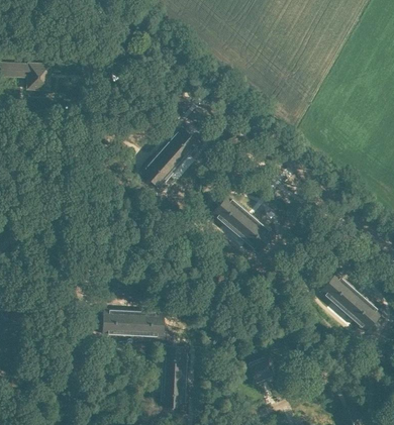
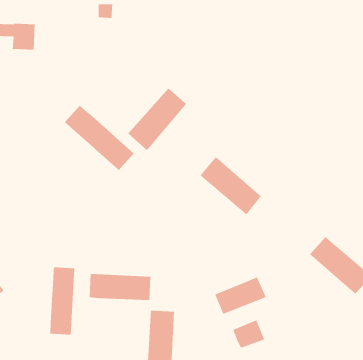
building: none -> [64,105,135,171]
building: none -> [50,267,75,335]
building: none -> [214,277,267,315]

